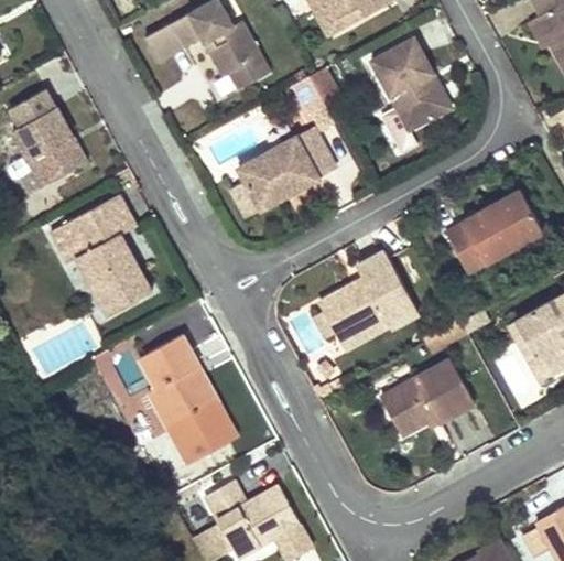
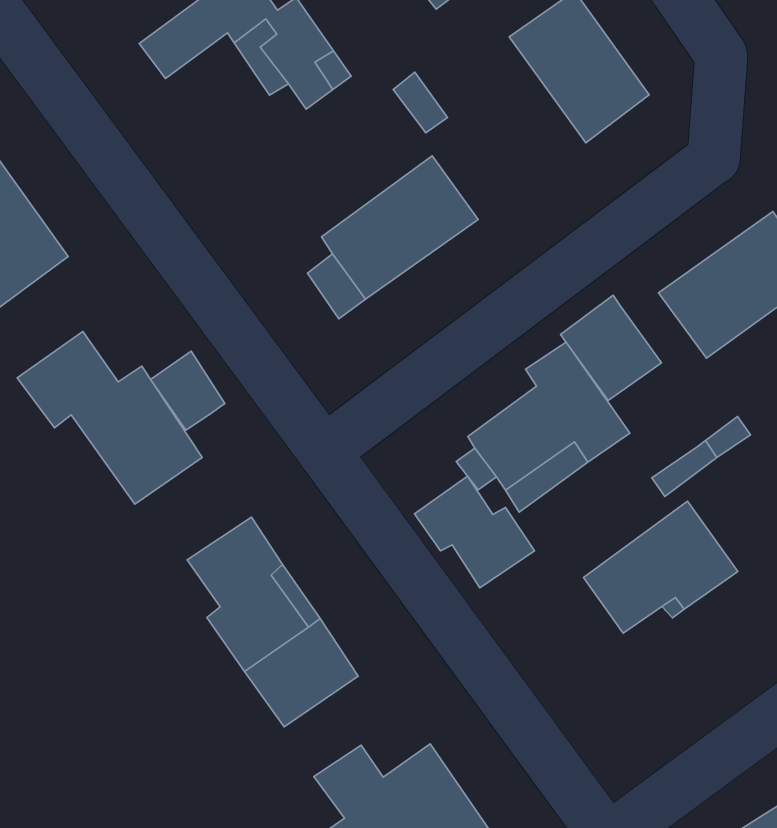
building: [94,195,137,242] -> [151,351,225,430]
building: none -> [560,295,662,400]
building: none -> [415,476,534,588]

